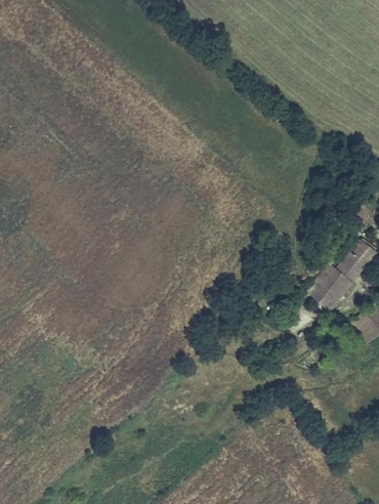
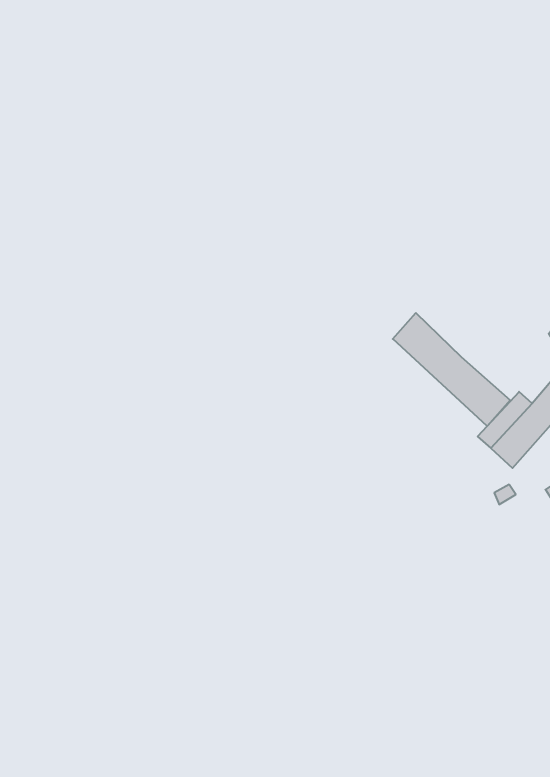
building: none -> [393,313,510,426]

